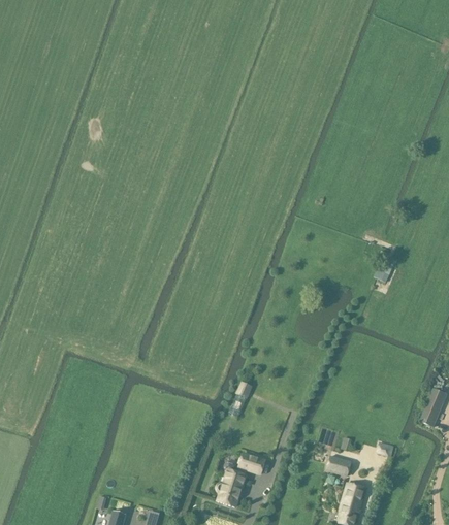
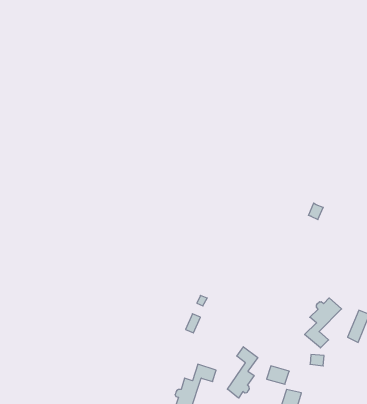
building: none -> [305,298,342,348]
building: none -> [227,347,258,398]

